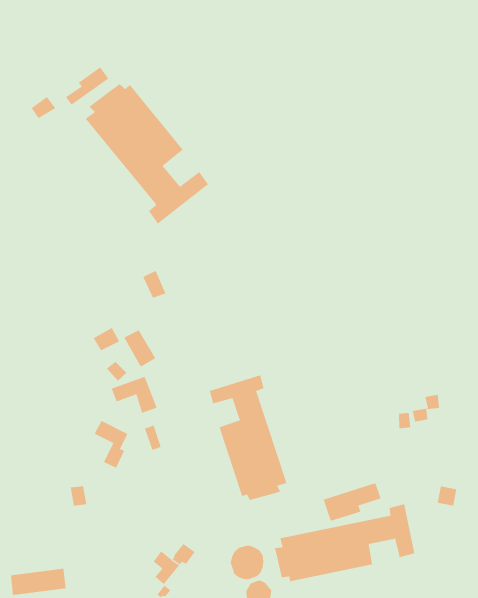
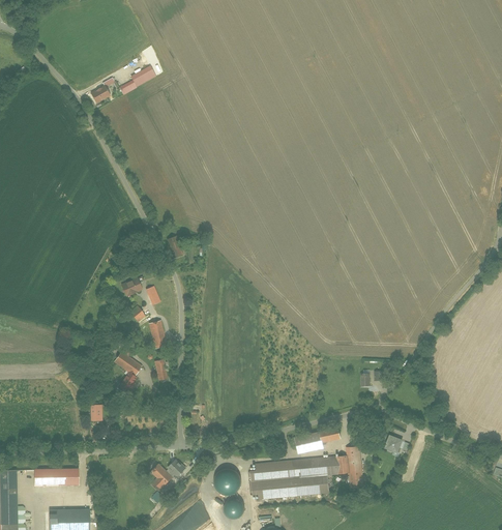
building: [85,83,209,224] -> none
building: [209,375,287,501] -> none

